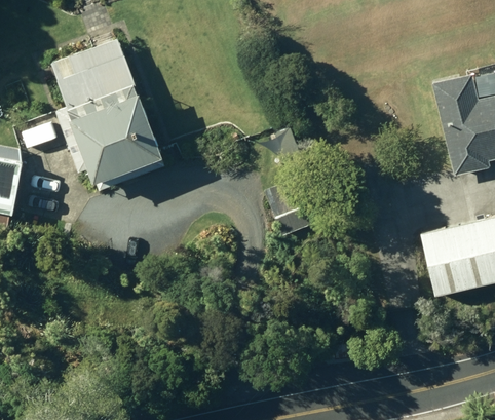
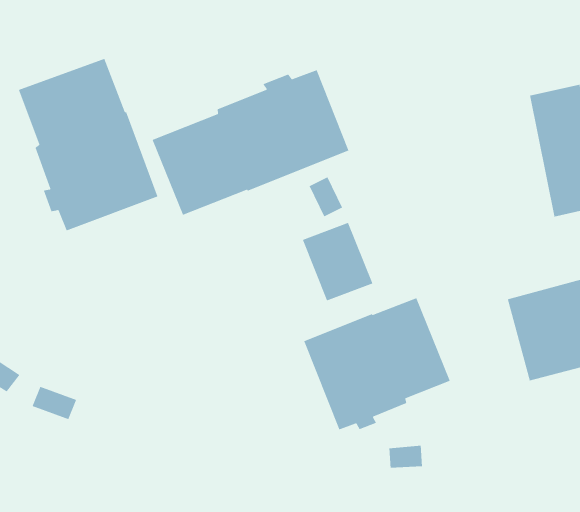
building: none -> [151,69,349,216]
building: none -> [303,297,451,430]

